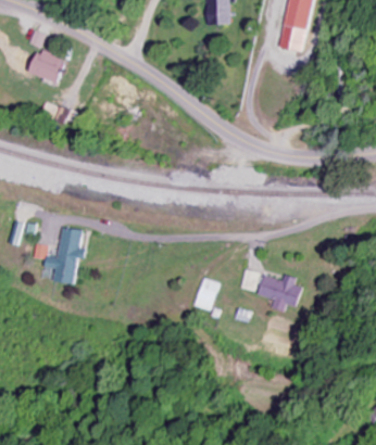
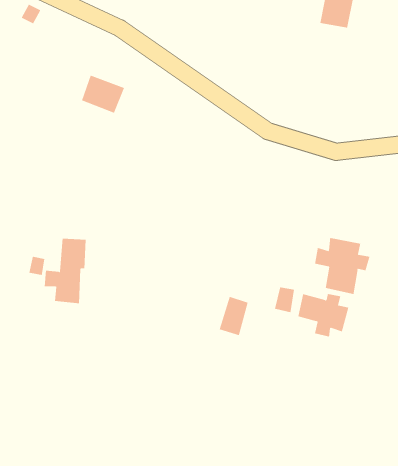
building: [28,50,65,82] -> [81,75,125,113]
building: none -> [314,237,370,295]

